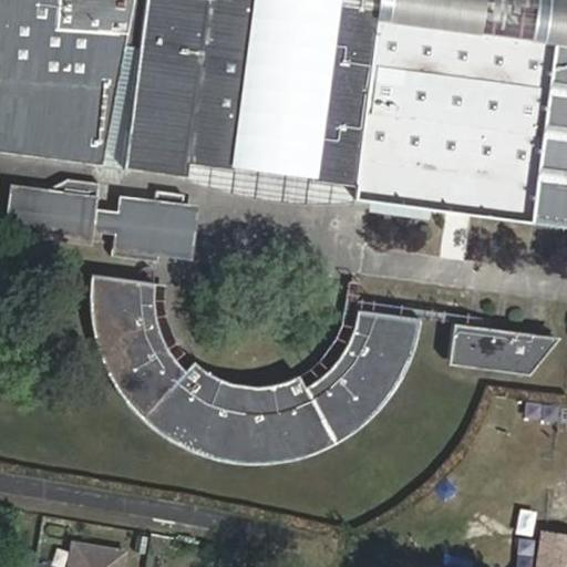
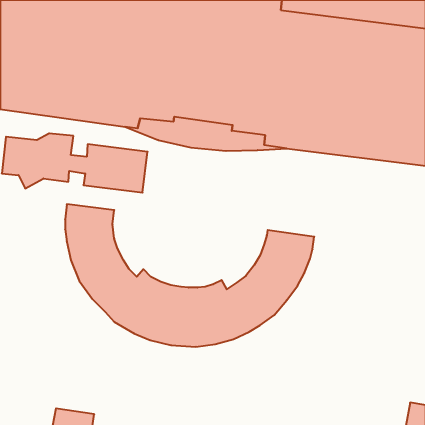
building: [449,320,558,372] -> none

